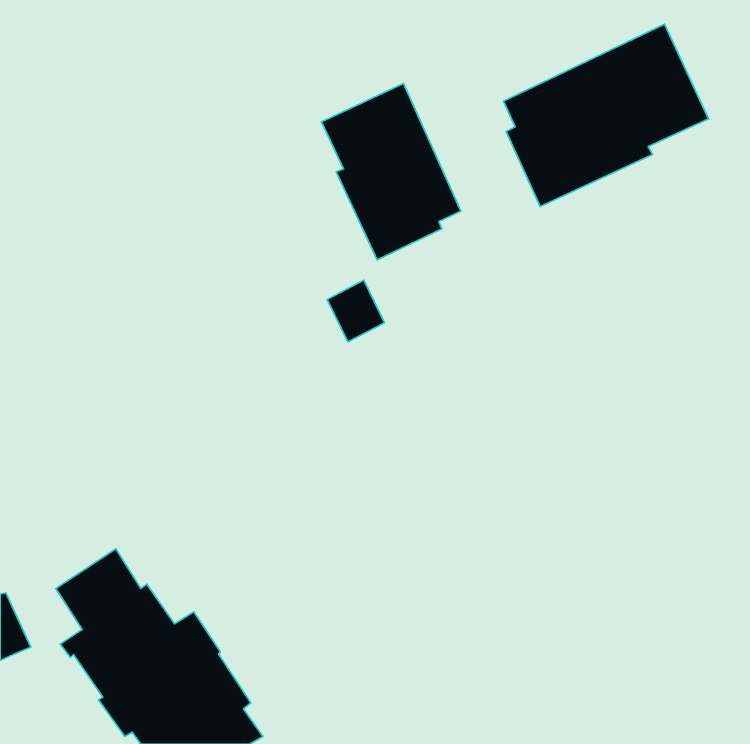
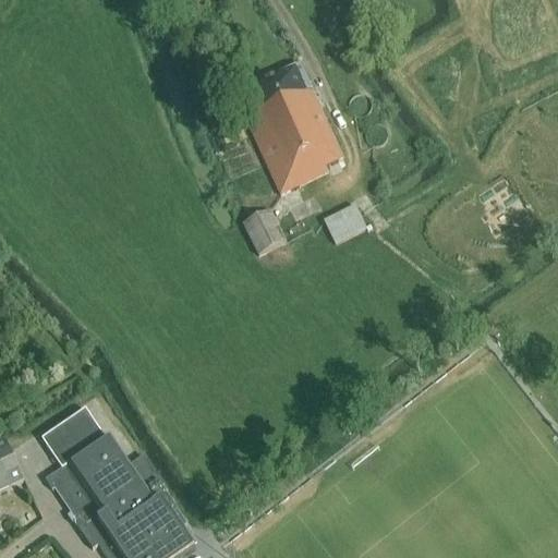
building: [503,24,708,206] -> none
building: none -> [324,204,366,242]

